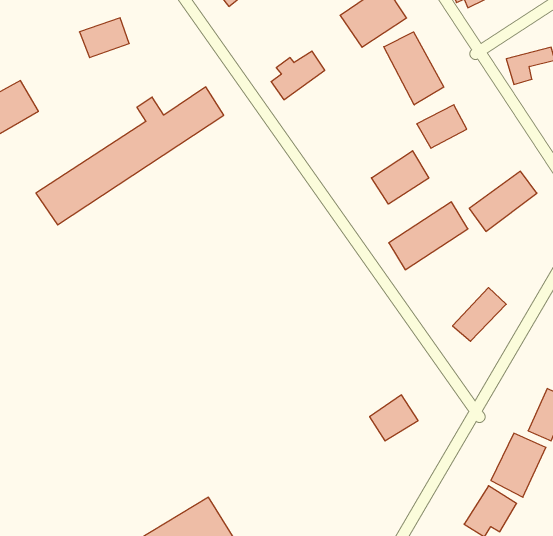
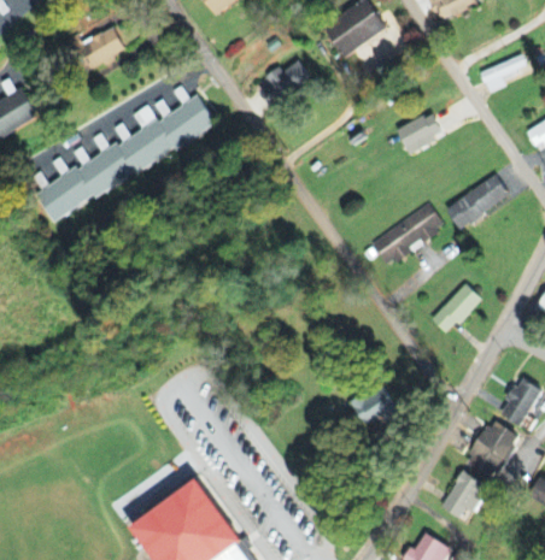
building: [384,32,444,105] -> none
building: [371,151,429,204] -> none

